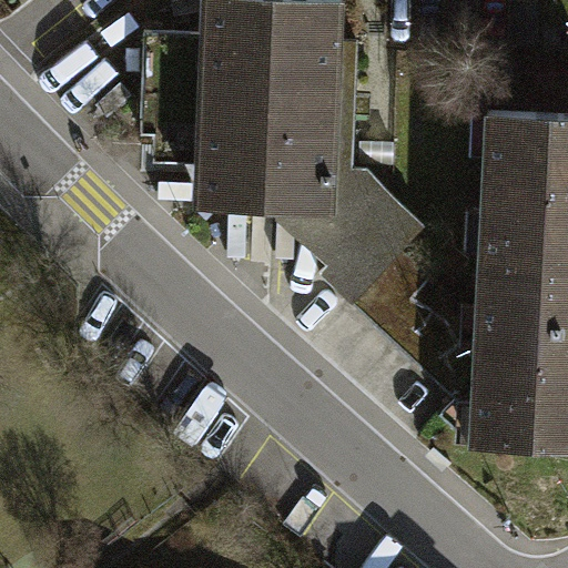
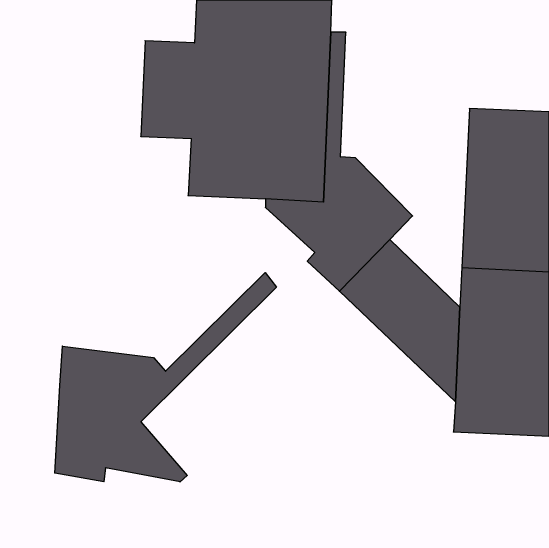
building: none -> [55,273,276,482]

